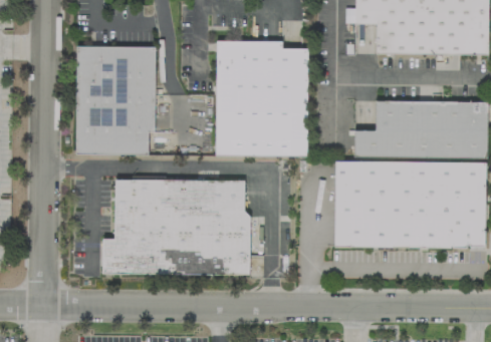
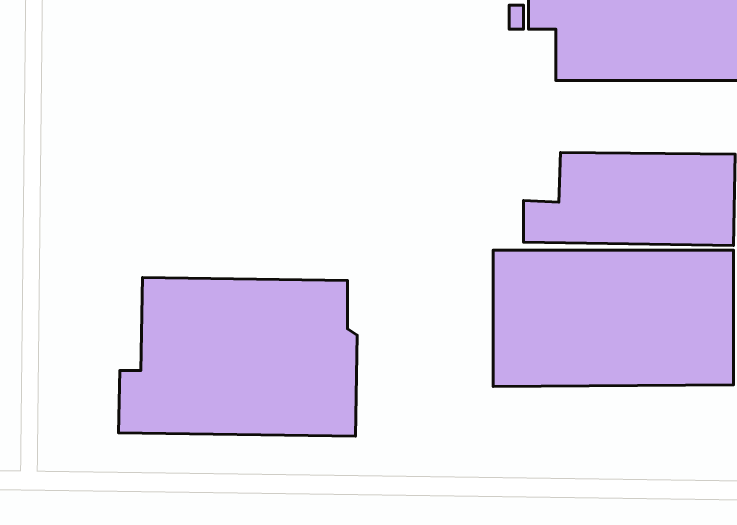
building: [212,39,313,158] -> none
building: [75,47,156,155] -> none

